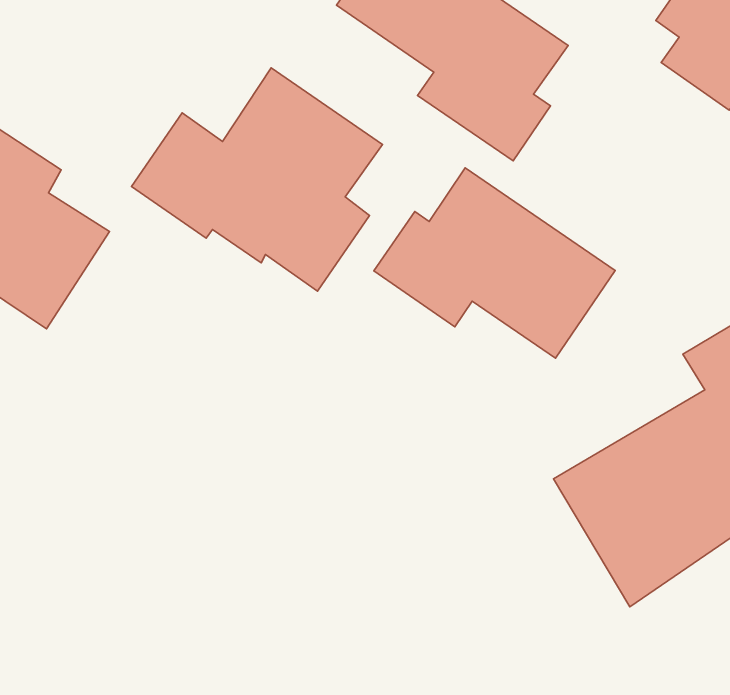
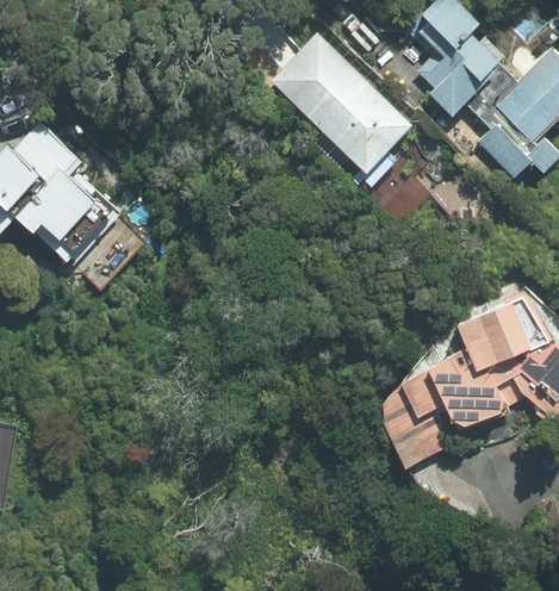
building: [131,68,382,291] -> none
building: [374,168,615,358] -> none

